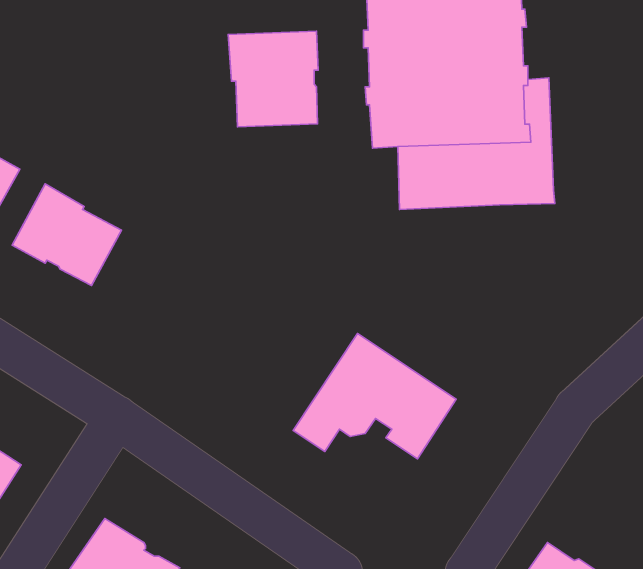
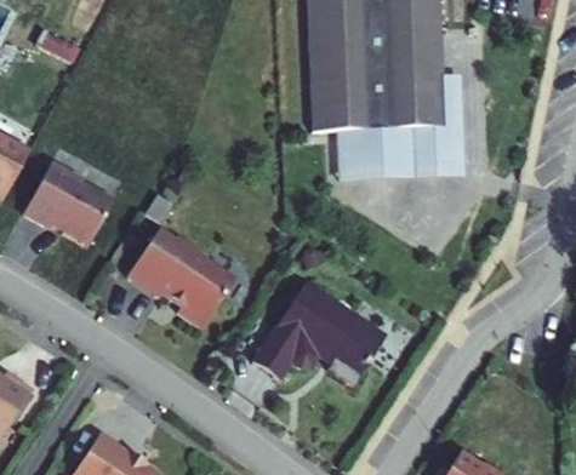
building: [228,31,318,127] -> none
building: none -> [127,227,230,325]

